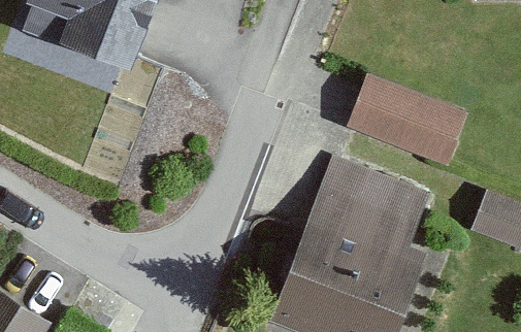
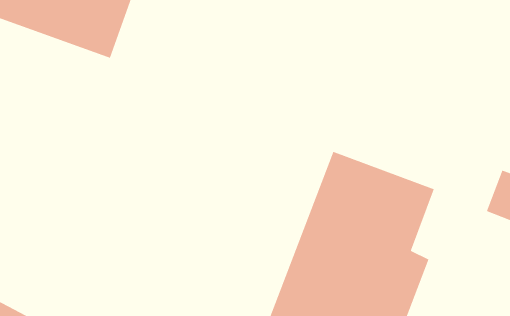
building: [345,70,467,168] -> none

